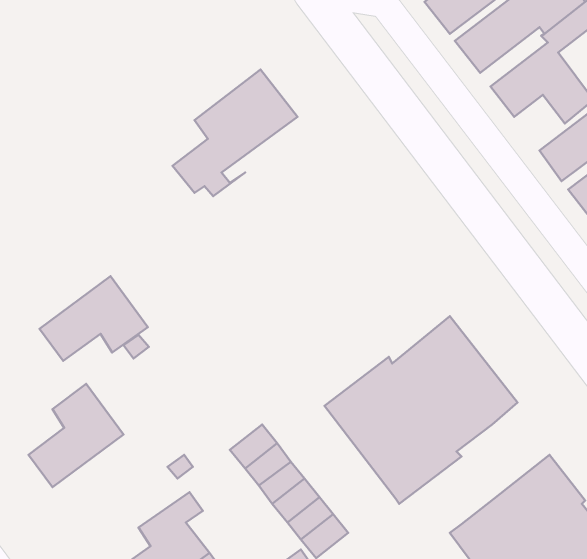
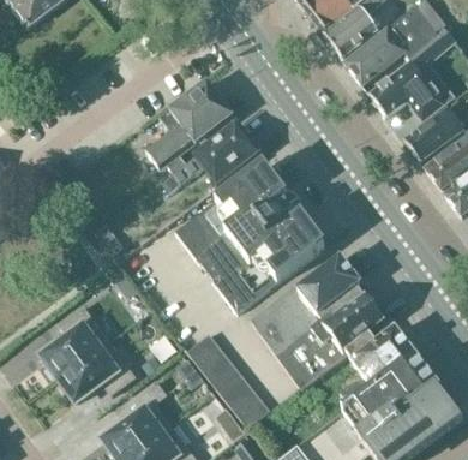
building: none -> [173,125,257,183]
building: none -> [175,162,325,311]
building: [40,276,148,361] -> [59,340,136,400]
building: none -> [341,327,414,404]

